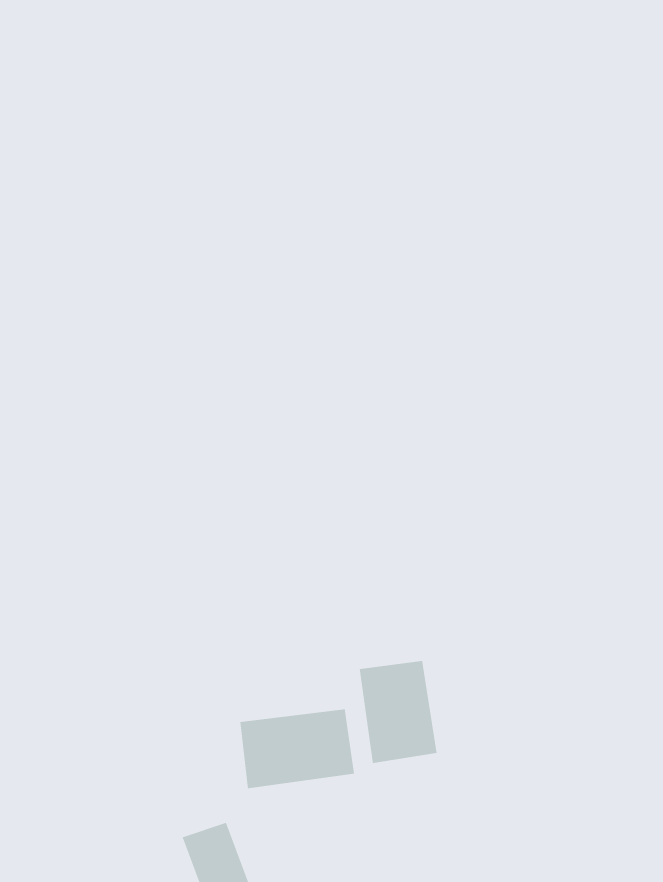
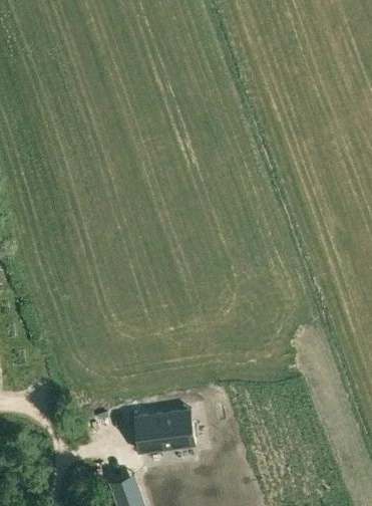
building: [359,660,437,764] -> none

